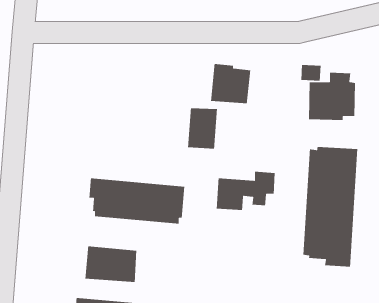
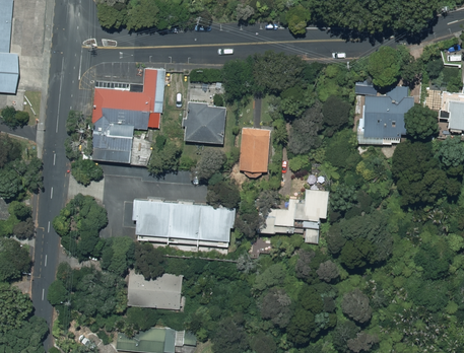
building: none -> [91,69,165,162]
building: [210,63,251,104] -> [184,100,227,144]
building: [303,146,358,267] -> none

